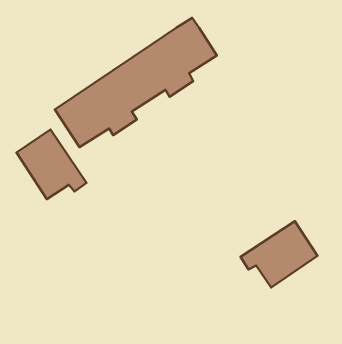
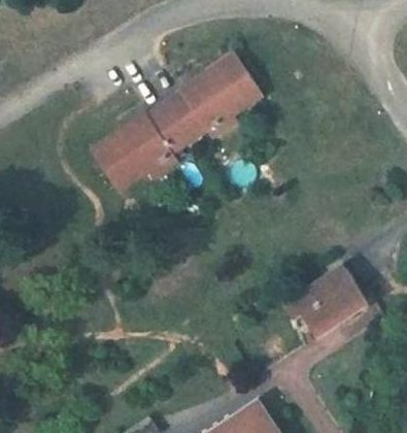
building: [17,130,87,199] -> none

